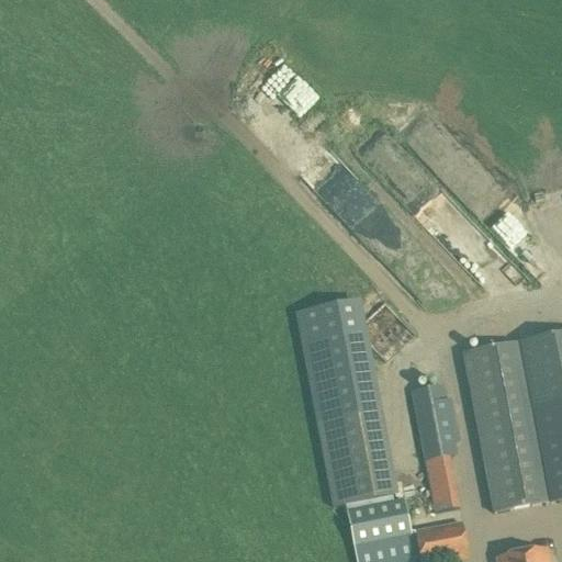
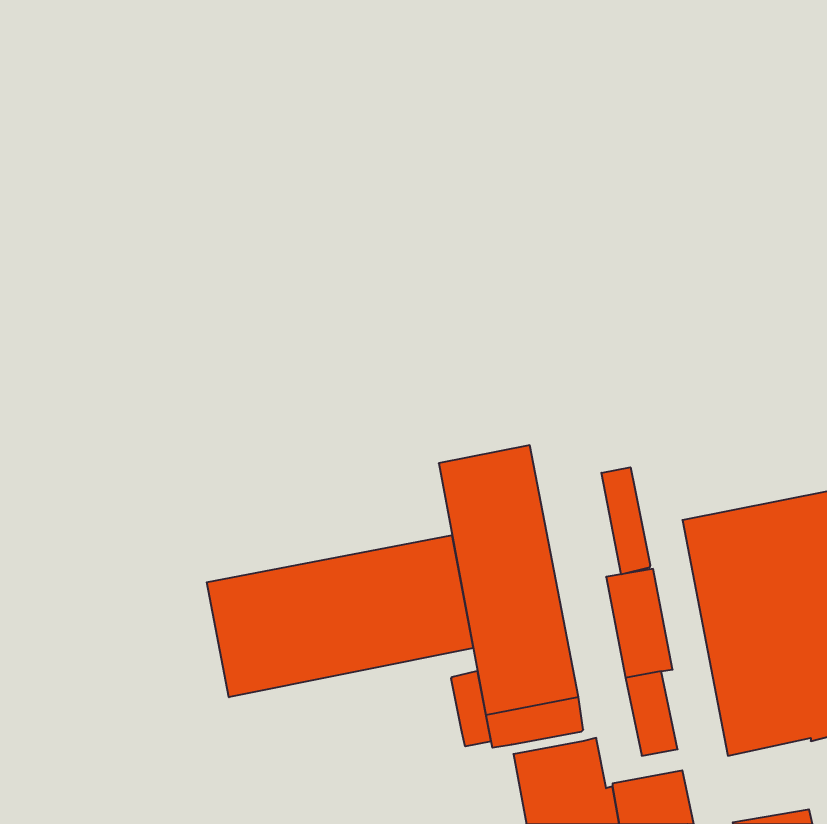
building: none -> [601,467,650,574]
building: none -> [207,535,473,697]
building: none -> [451,671,491,746]

